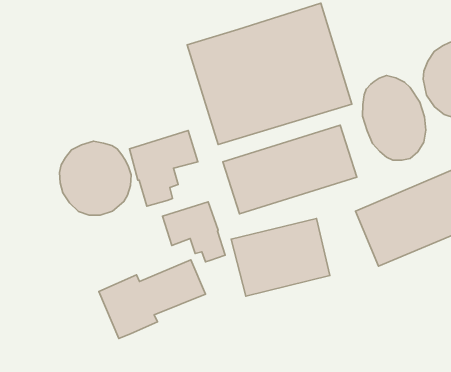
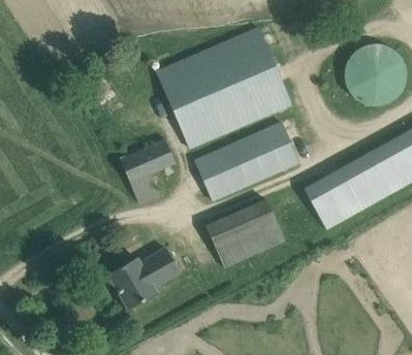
building: [362,76,426,160] -> none
building: [59,141,131,215] -> none
building: [163,202,225,262] -> none

